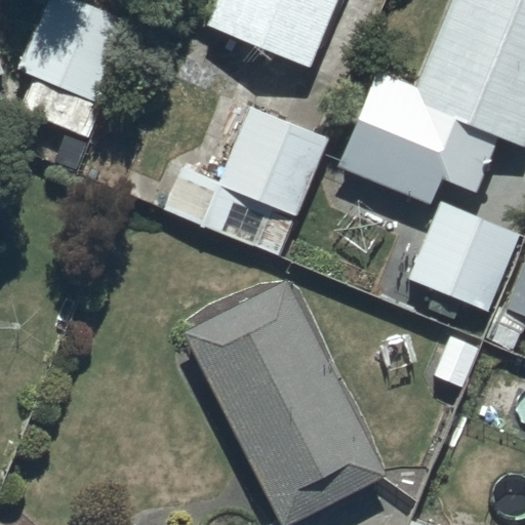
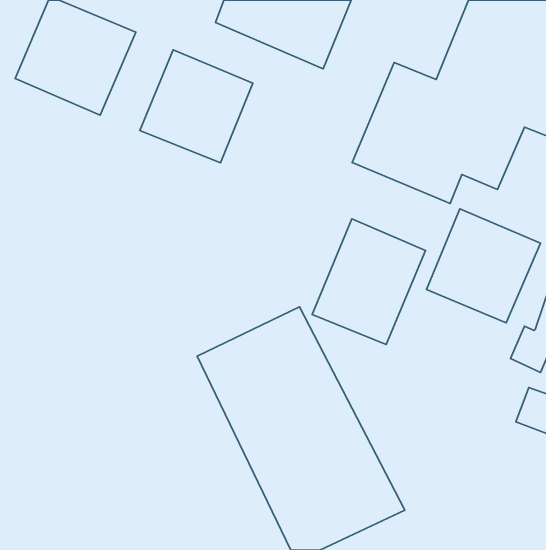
building: [223,111,330,218] -> [140,50,253,163]
building: none -> [312,219,426,344]

